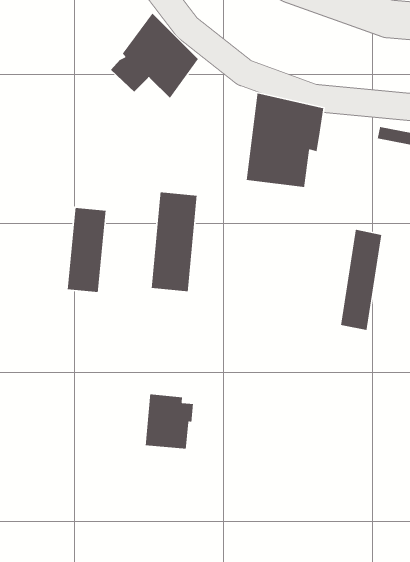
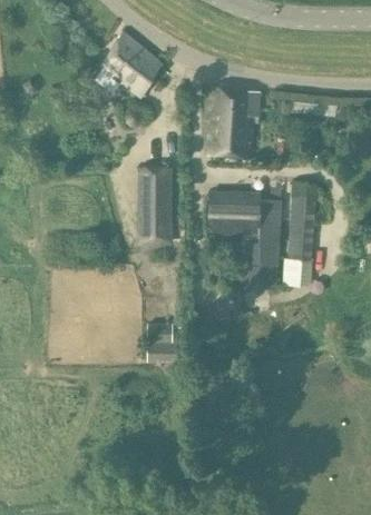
building: [67,207,106,293] -> none
building: none -> [207,195,282,287]

